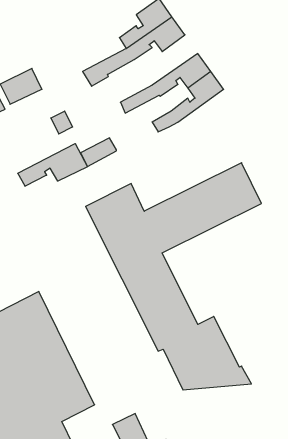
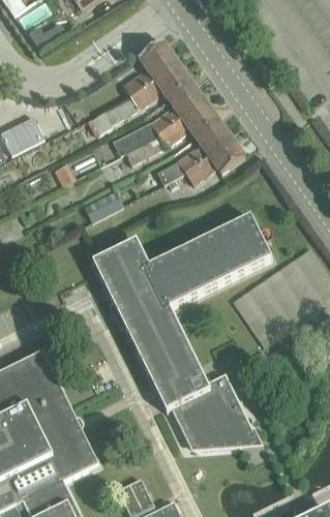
building: none -> [112,82,207,156]
building: none -> [186,139,246,184]
building: [18,144,88,186] -> none

